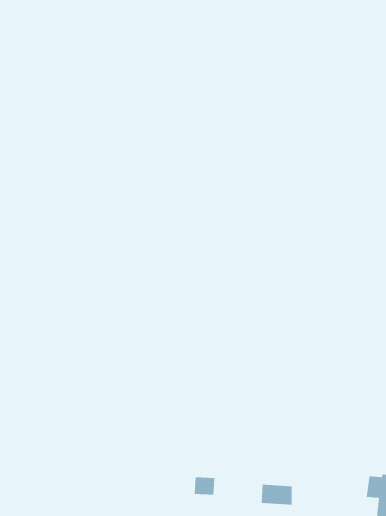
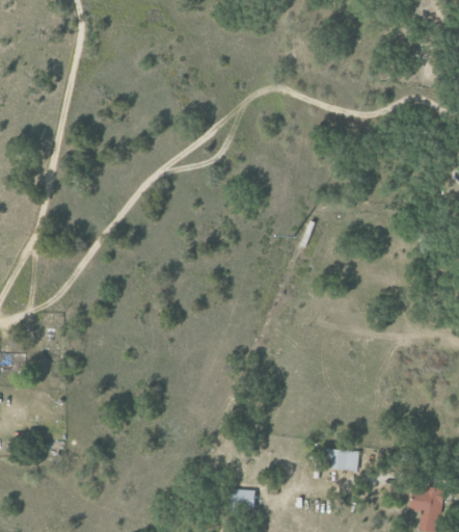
building: [261,484,292,505] -> [327,450,359,472]

